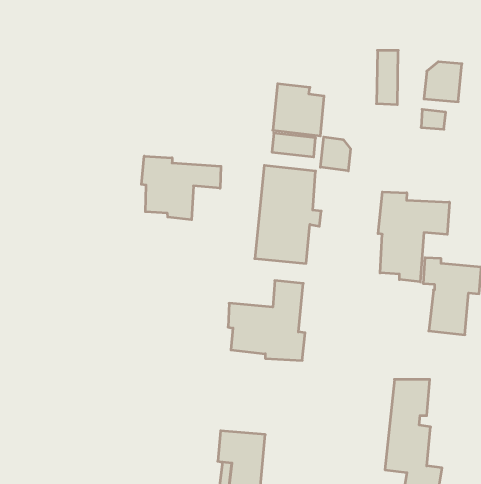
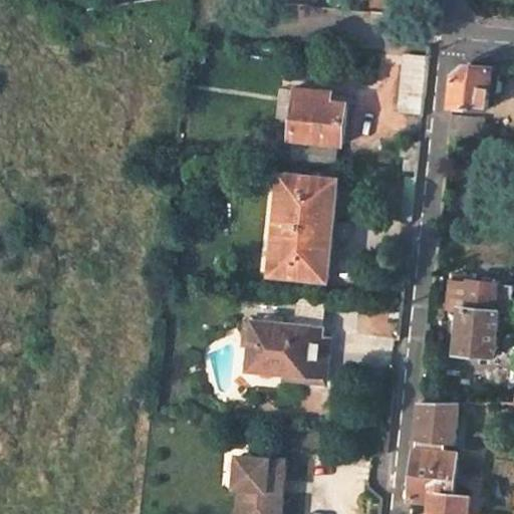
building: [320,137,351,171] -> none
building: [141,156,221,220] -> none
building: [378,192,449,282] -> none

